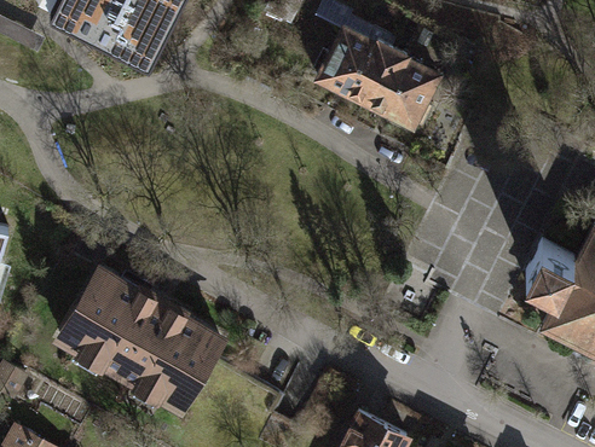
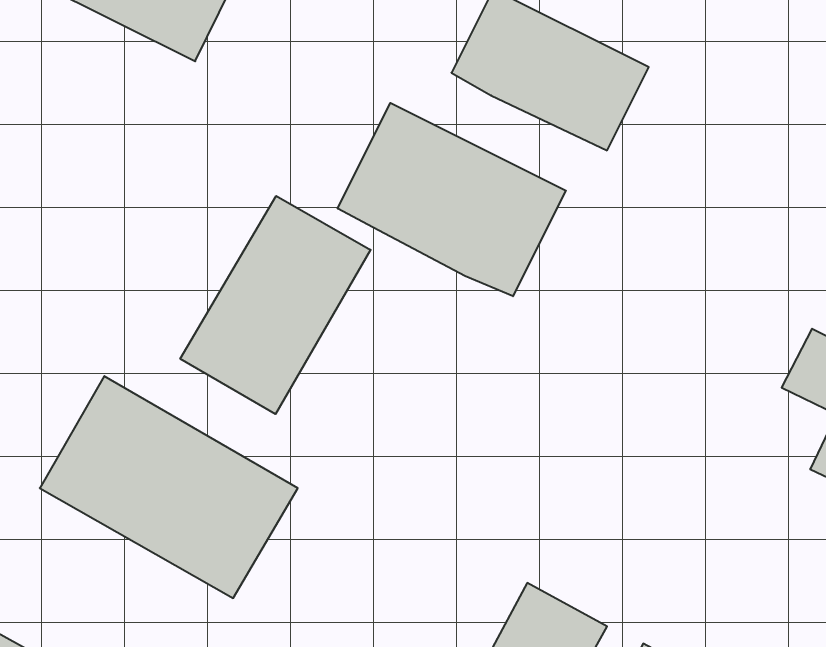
building: none -> [338,103,566,296]
building: none -> [180,196,371,414]

